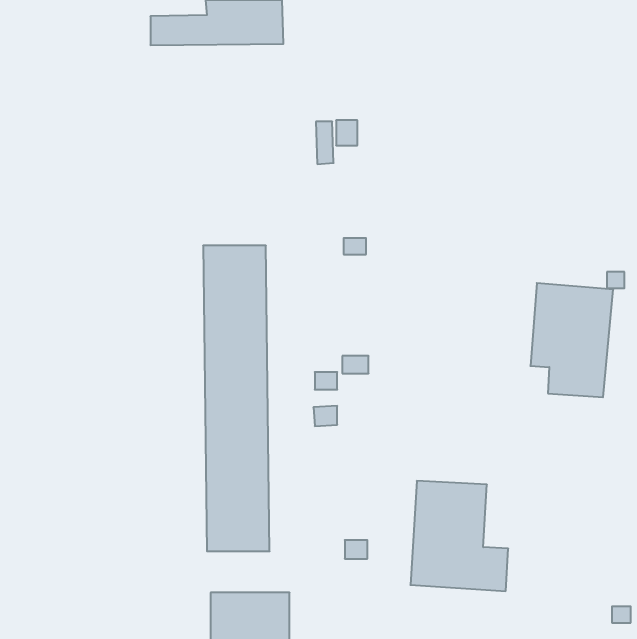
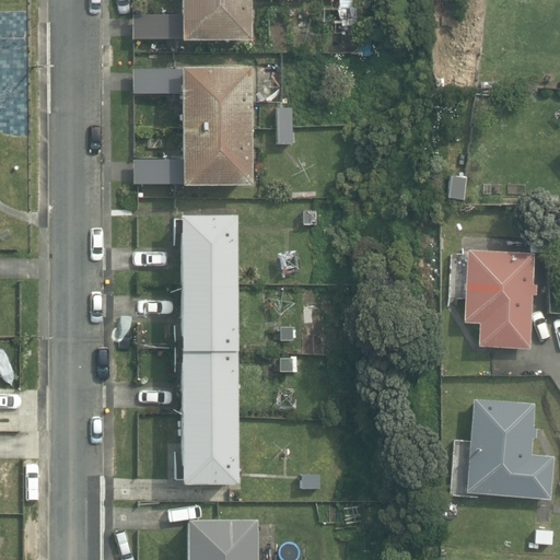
building: none -> [135,67,250,185]
building: [410,481,508,591] -> [467,399,552,495]

